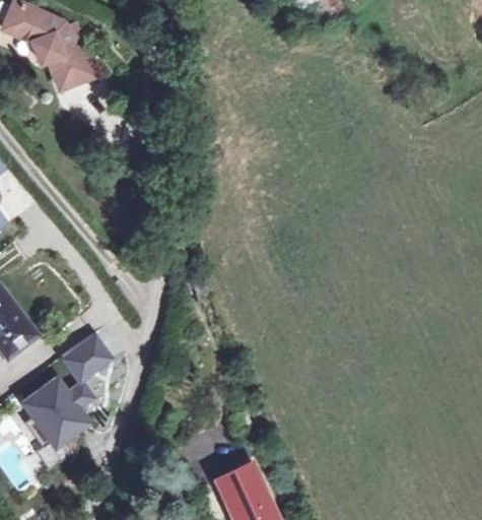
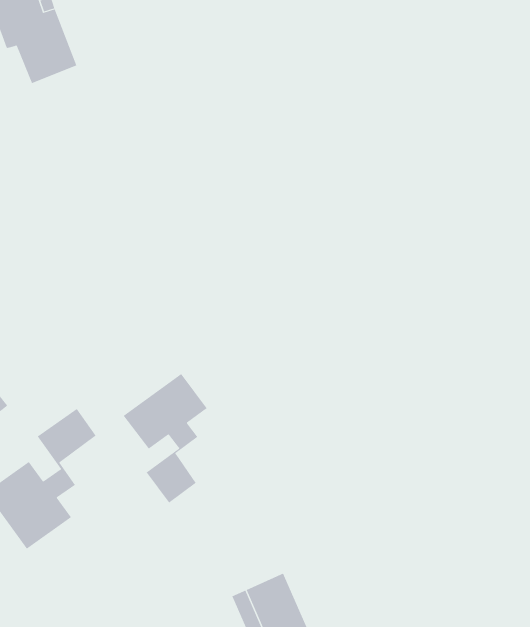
building: none -> [123,373,208,503]

